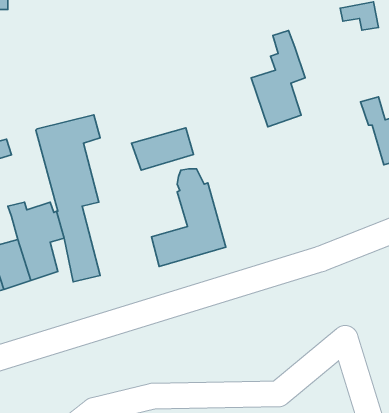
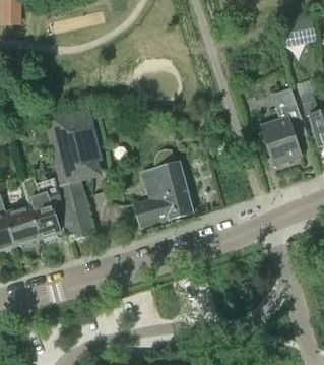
building: [251,30,305,127] -> [261,87,304,164]
building: [131,128,193,170] -> none

